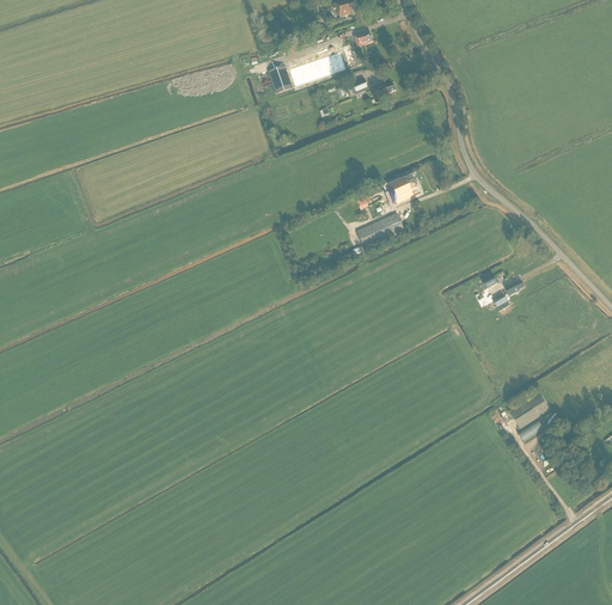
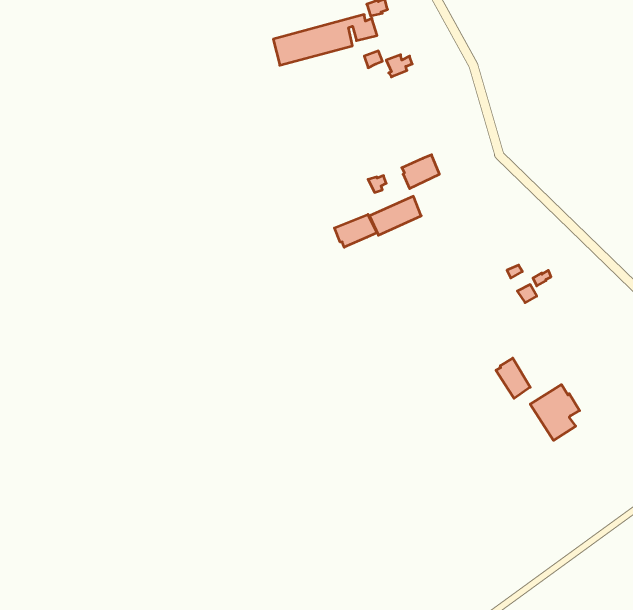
building: none -> [334,214,377,247]
building: none -> [496,358,530,398]

